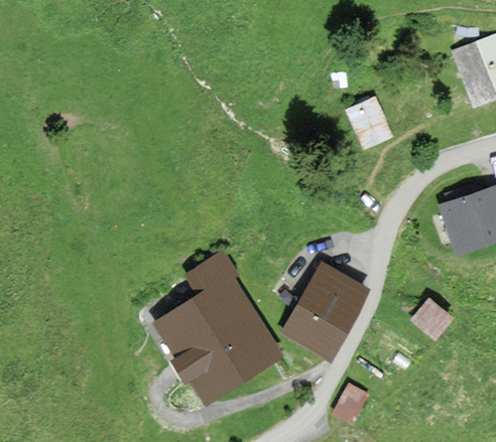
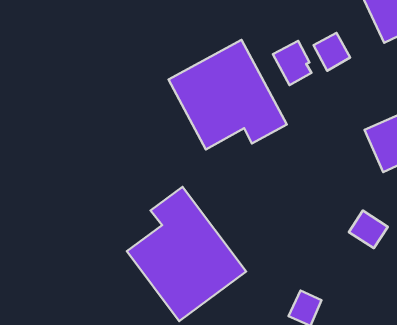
building: none -> [168,40,287,149]
building: none -> [313,33,350,71]
building: [283,264,371,358] -> none

